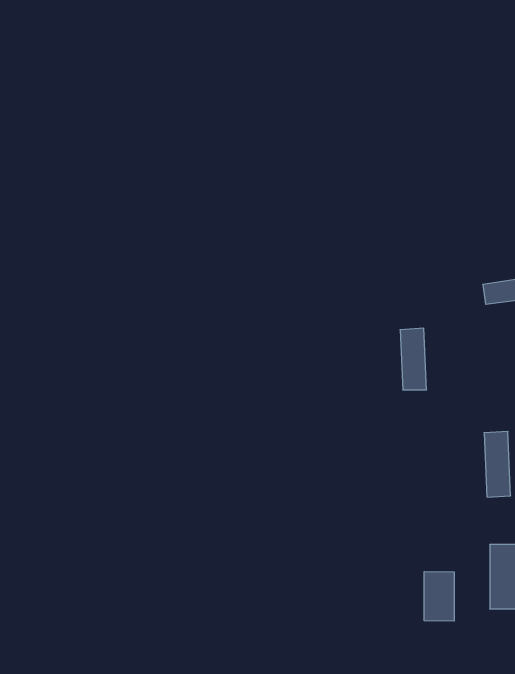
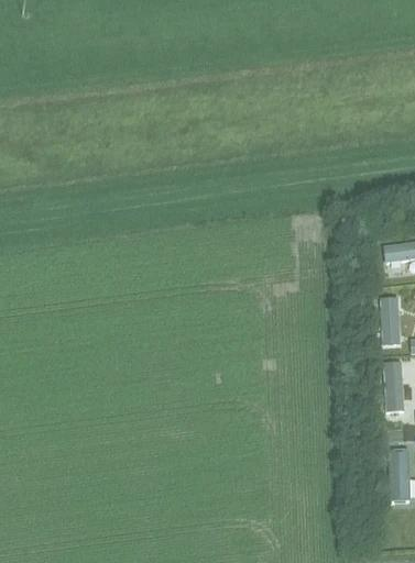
building: [400,328,427,390] -> [380,297,401,345]
building: [424,572,454,621] -> none

